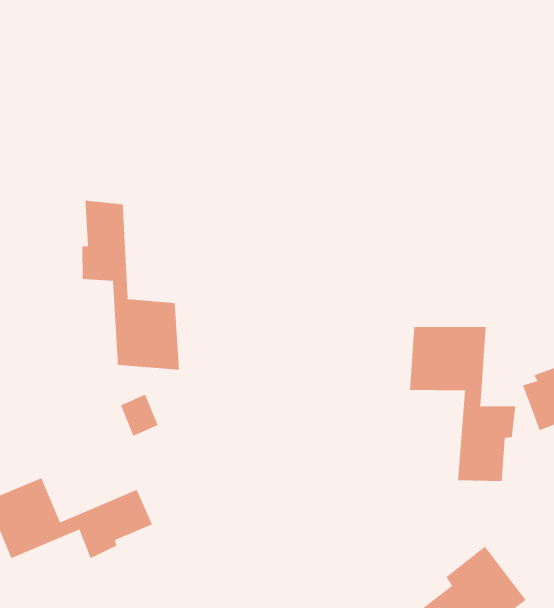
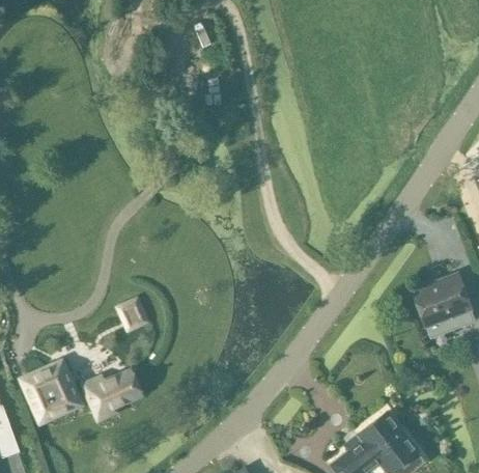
building: [82,200,180,370] -> none
building: [410,326,516,482] -> none

